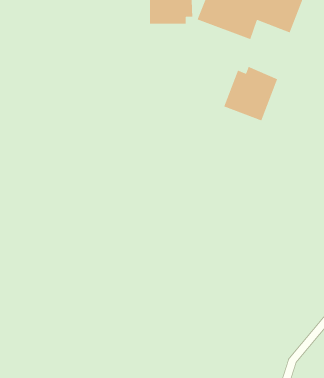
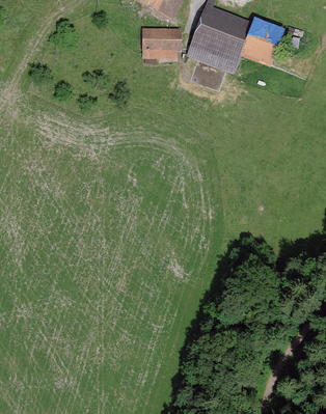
building: [223,66,278,122] -> none

